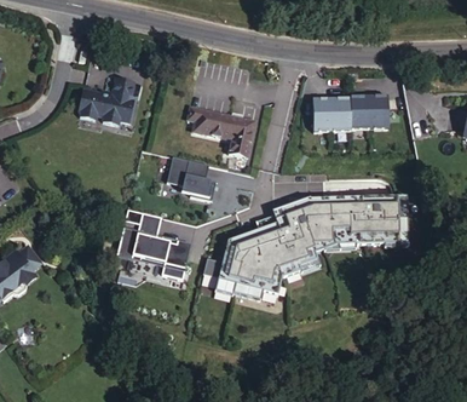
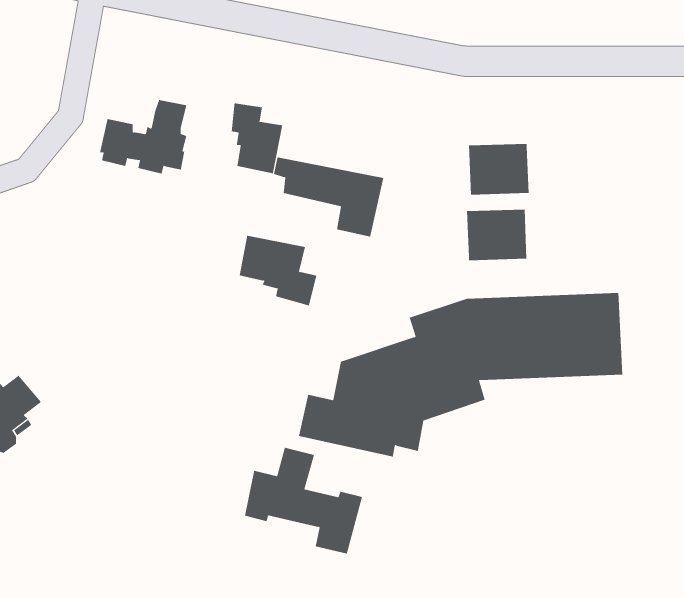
building: none -> [231,103,283,174]
building: [348,100,387,133] -> [466,209,527,261]
building: [117,213,192,281] -> [244,447,363,554]

